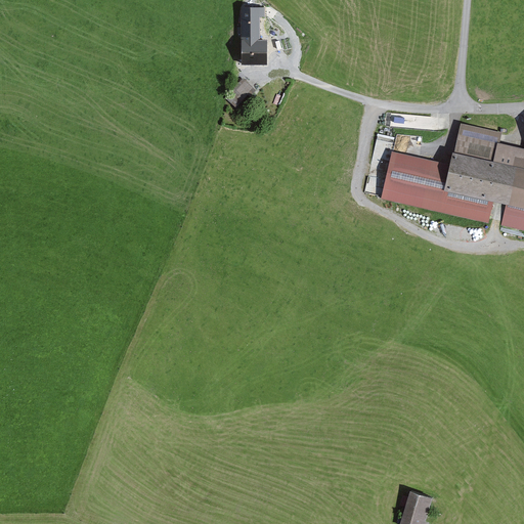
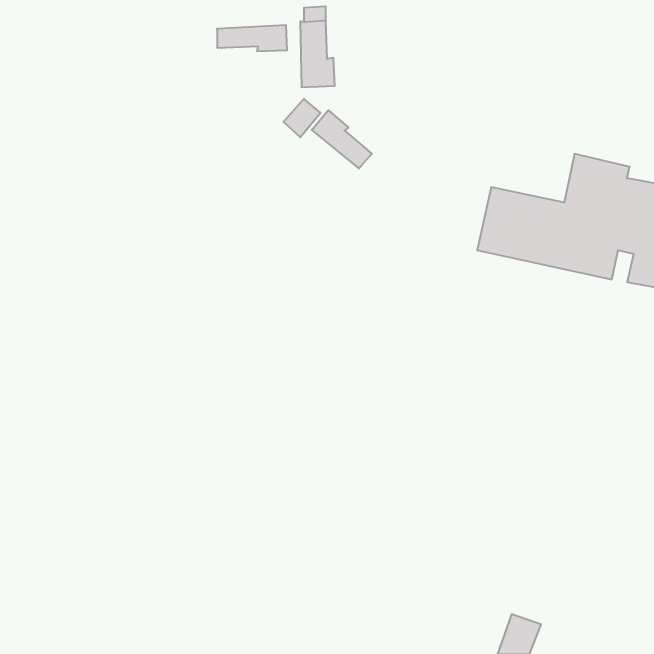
building: none -> [217,25,287,51]
building: none -> [312,110,372,169]

